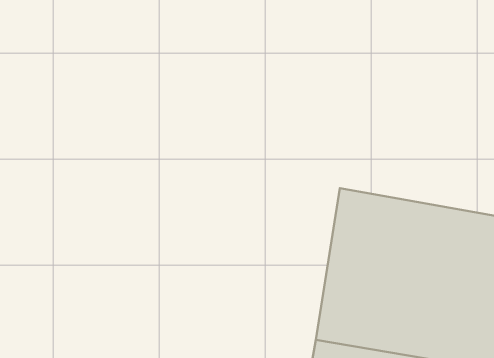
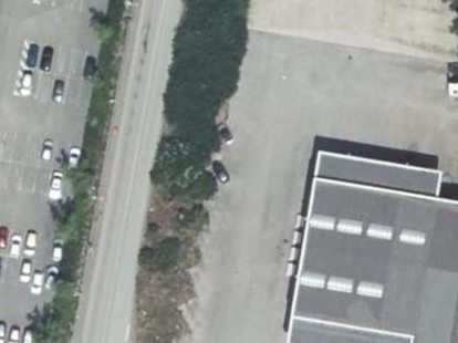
building: none -> [314,153,441,200]

